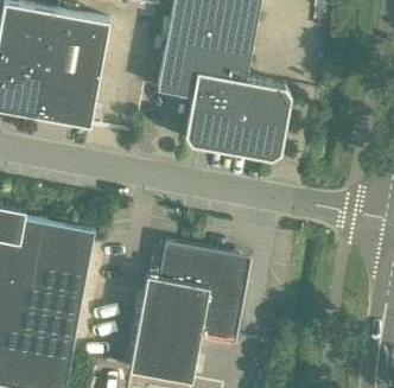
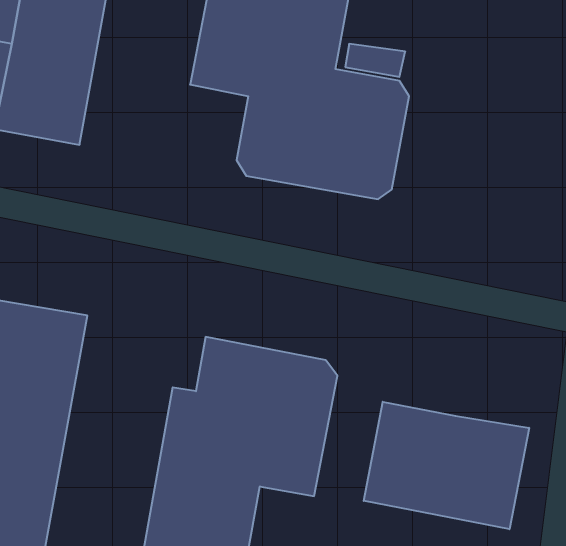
building: none -> [364,402,529,529]

